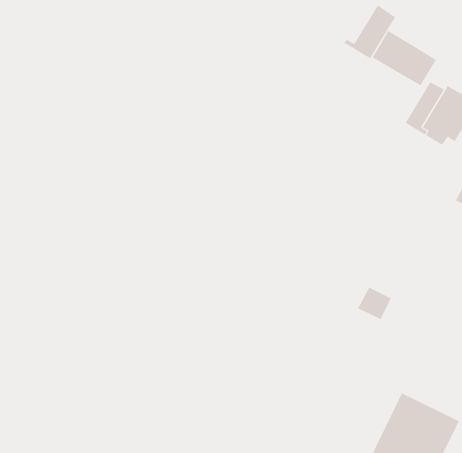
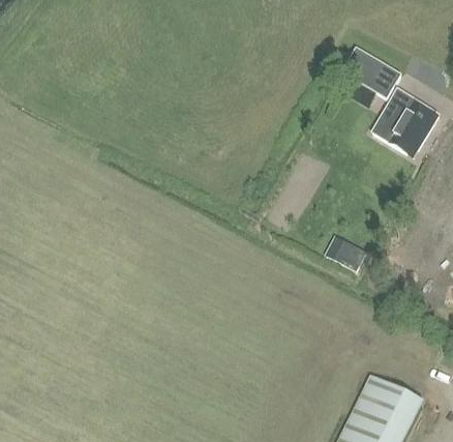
building: [344,5,396,59] -> none
building: [357,287,392,320] -> [335,241,366,271]

